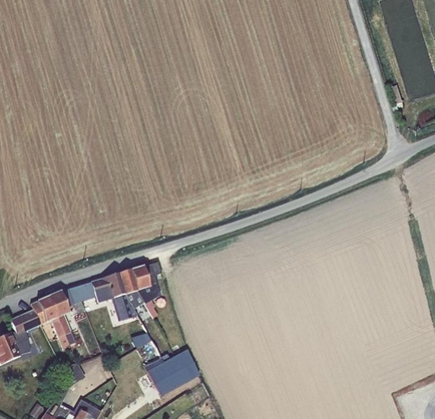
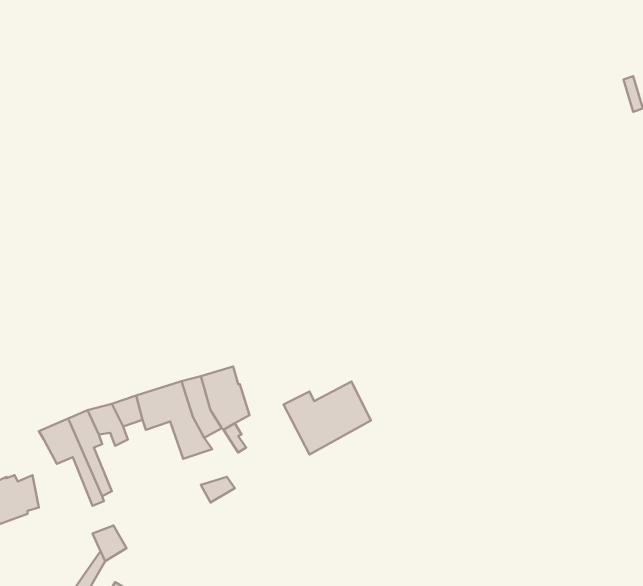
building: [10,309,41,335] -> none
building: [144,350,198,395] -> [283,382,371,455]

